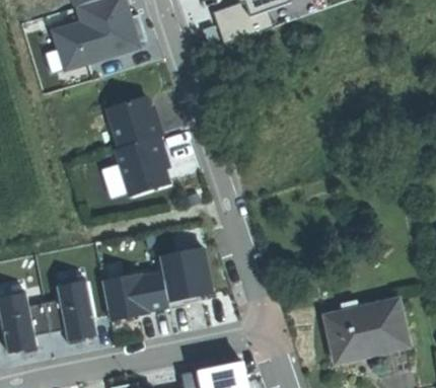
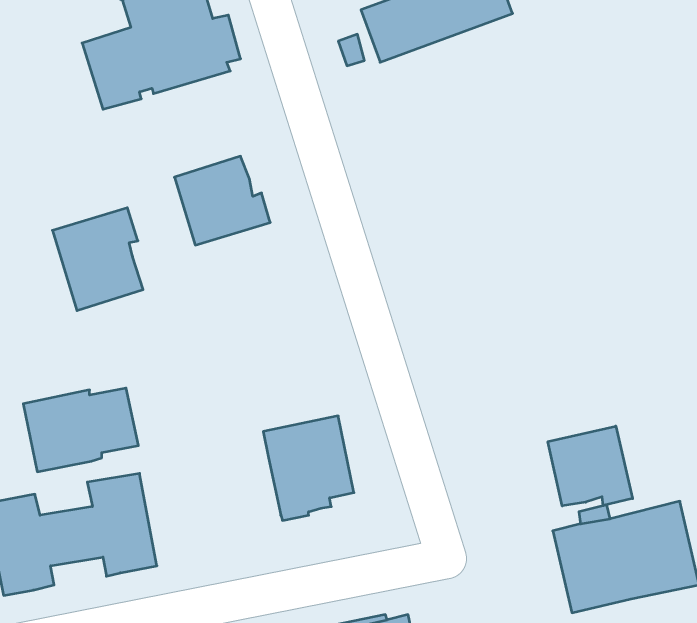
building: [115,137,167,197] -> [52,208,143,311]
building: none -> [548,426,633,506]
building: [100,273,167,321] -> [23,388,138,472]

